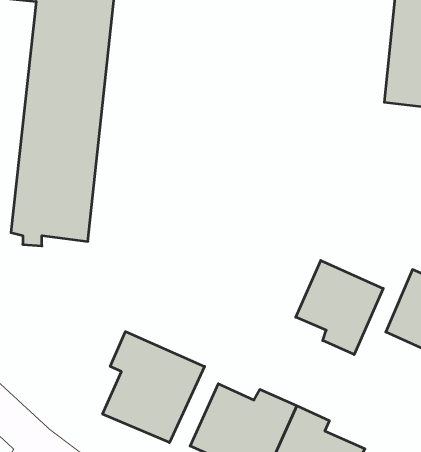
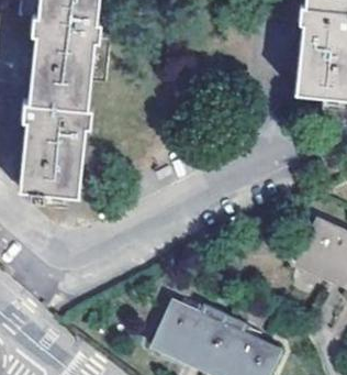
building: [296,260,383,355] -> none
building: [103,332,205,443] -> none

